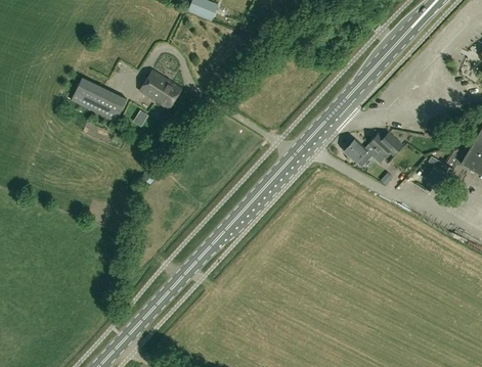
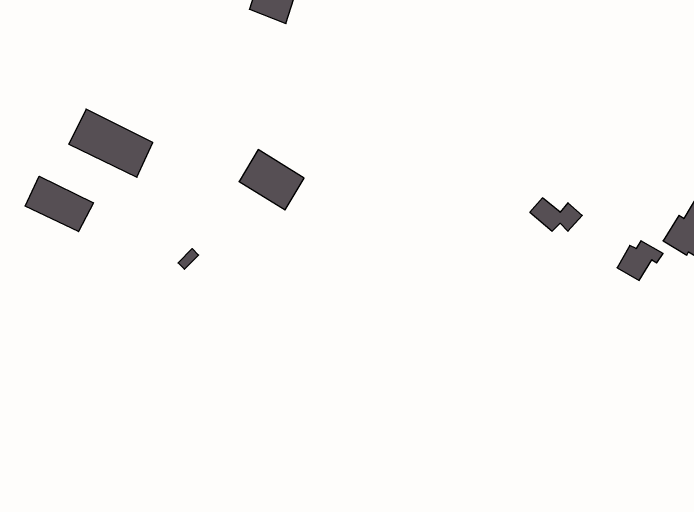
building: [140,71,182,109] -> [239,150,304,210]
building: none -> [25,176,93,232]
building: [343,140,386,167] -> none

